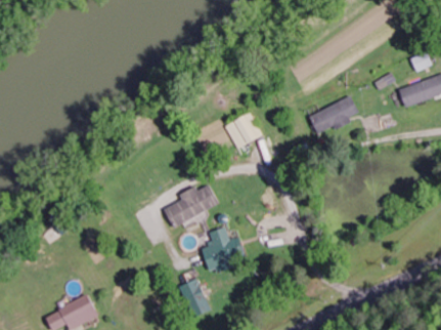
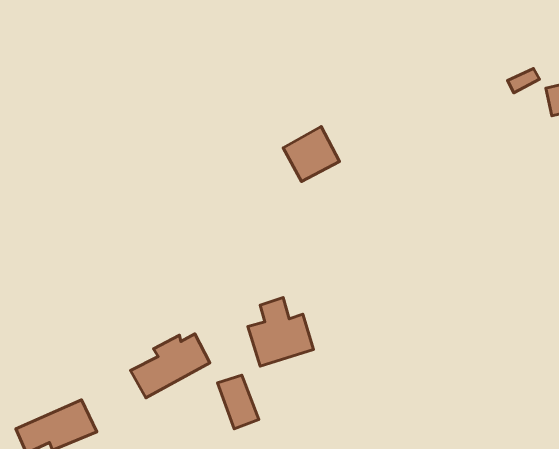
building: [309,96,359,137] -> none
building: [164,184,217,228] -> [131,334,210,398]

